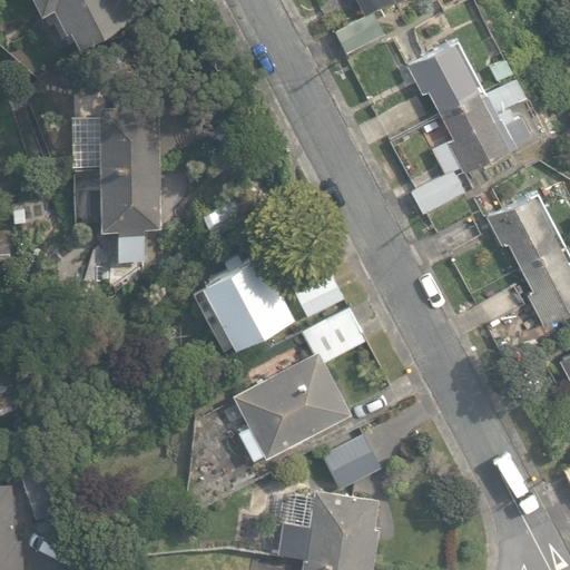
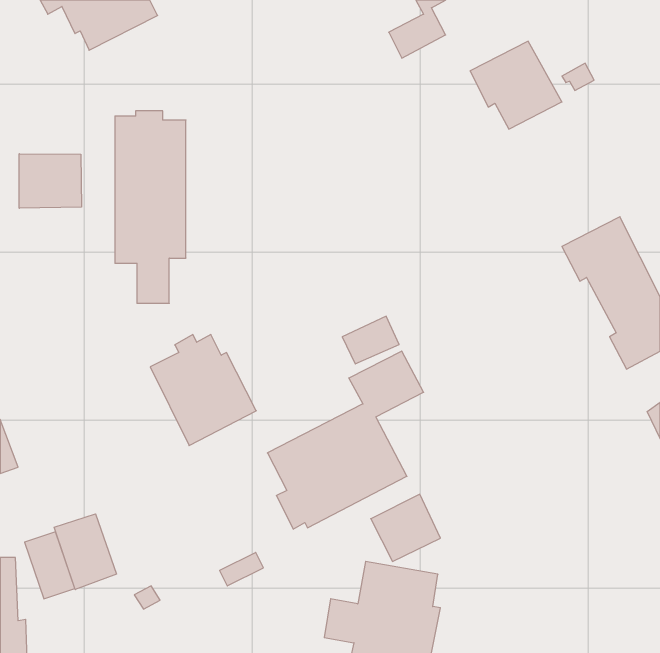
building: [410,80,530,216] -> none
building: none -> [19,154,81,208]
building: [202,256,293,352] -> [150,335,256,446]
building: none -> [54,514,116,590]

